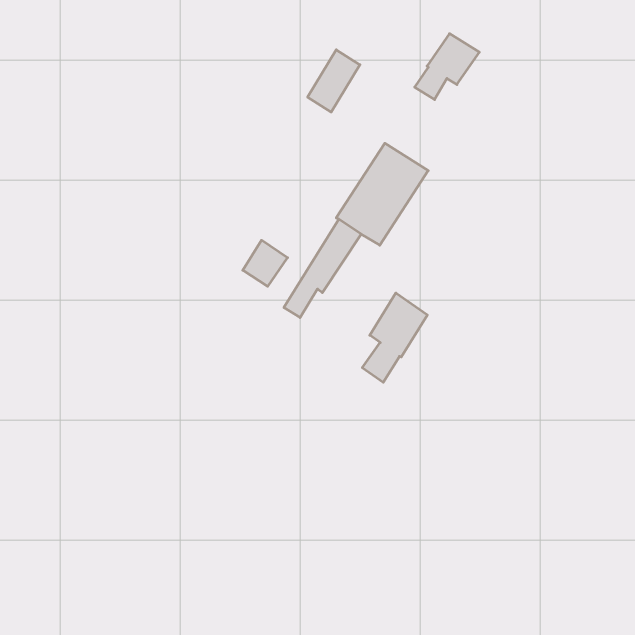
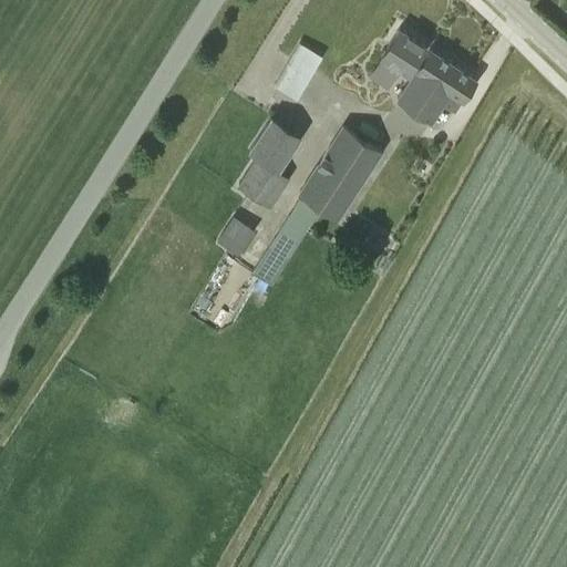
building: none -> [398,51,476,123]
building: none -> [238,120,296,207]
building: [362,293,427,382] -> none

